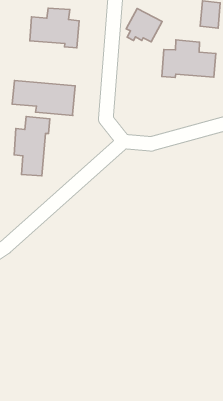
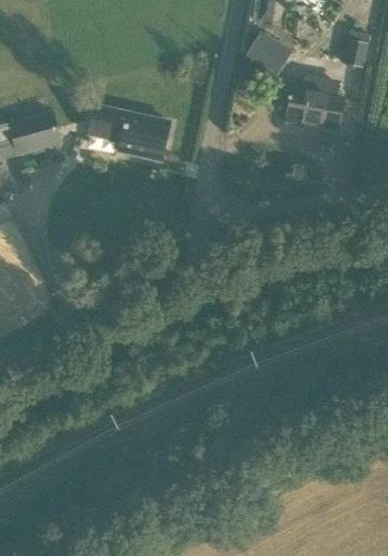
building: [30,8,79,48] -> none
building: [14,117,50,176] -> none

